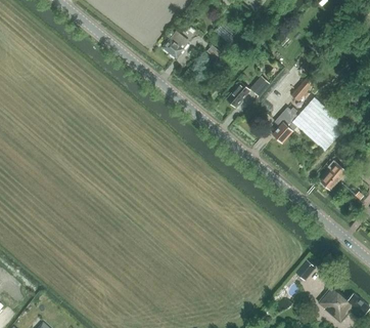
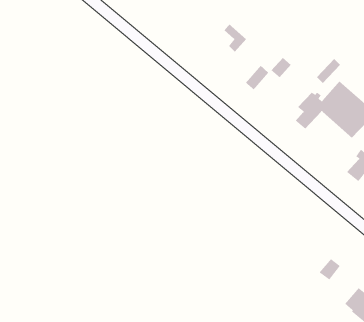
building: [163,31,188,58] -> none

